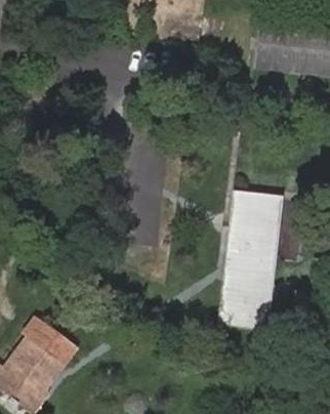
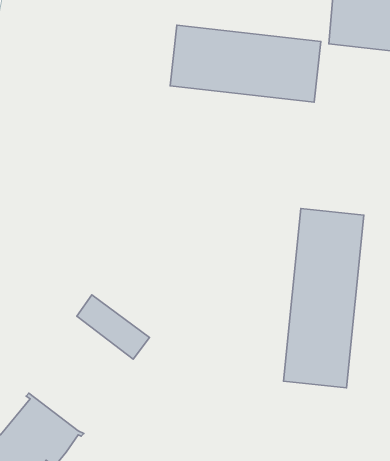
building: none -> [170,25,321,102]
building: [22,314,77,363] -> [77,295,149,359]

